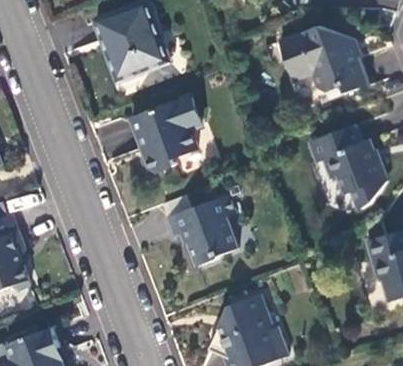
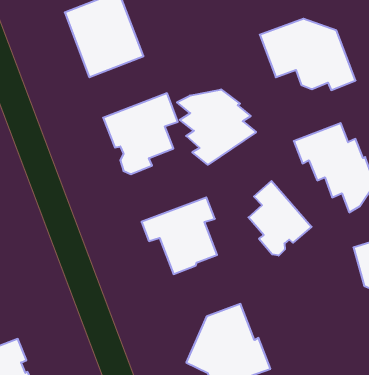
building: none -> [177,89,256,165]
building: none -> [248,181,312,256]

